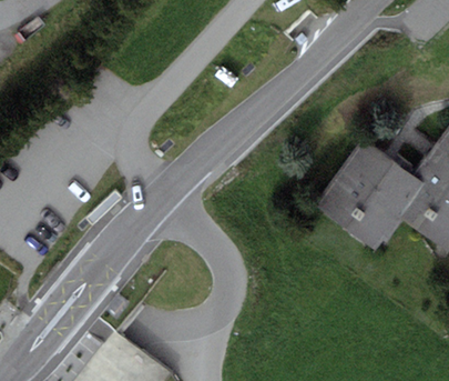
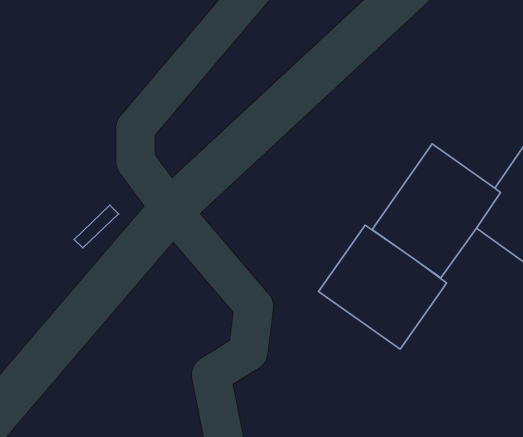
building: none -> [319,225,447,349]

